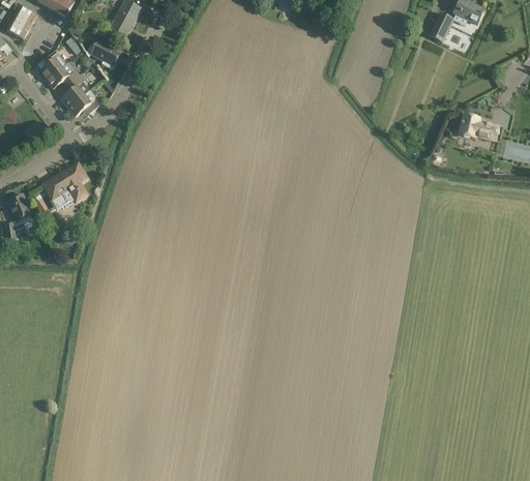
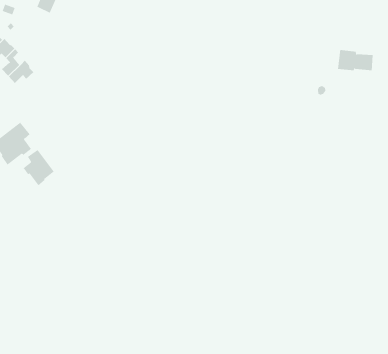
building: [89,40,119,68] -> none
building: none -> [23,149,55,186]

